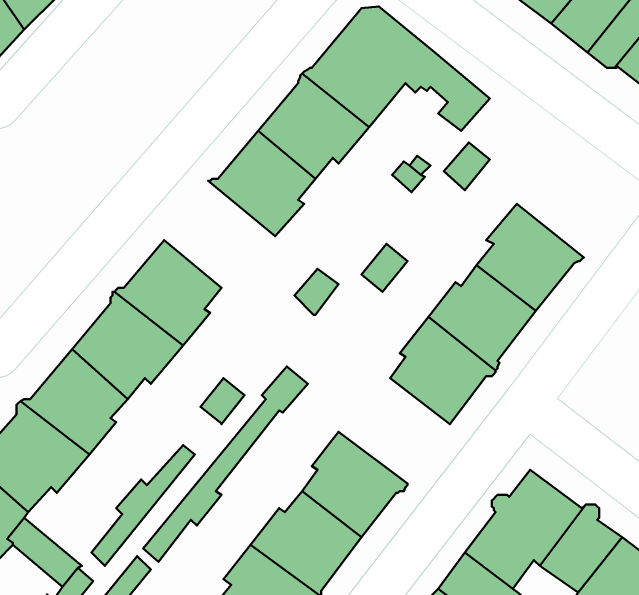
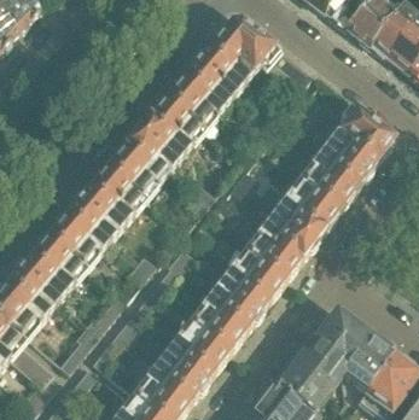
building: none -> [326,106,394,176]
building: none -> [104,128,174,196]
building: none -> [214,252,284,319]

